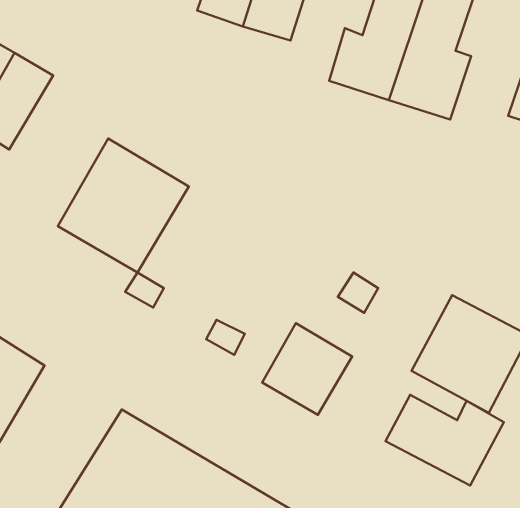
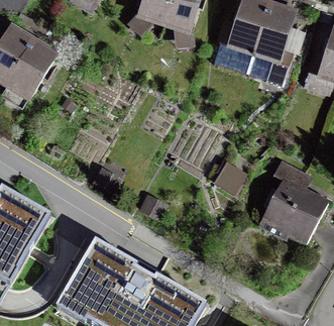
building: [58,138,189,272] -> none
building: [262,323,352,415] -> none
building: [386,395,504,485] -> none

